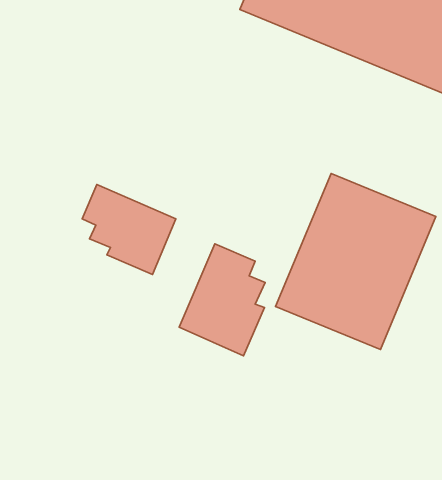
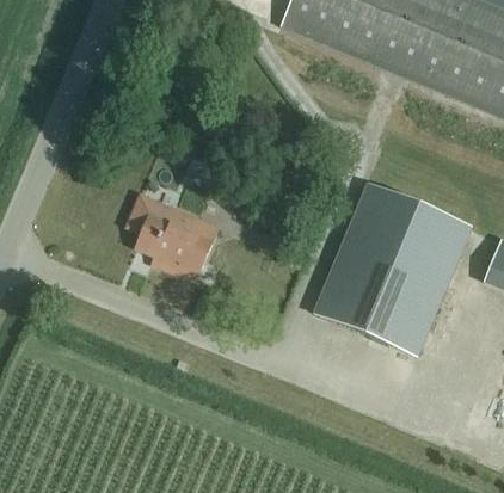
building: [179,244,265,356] -> none

